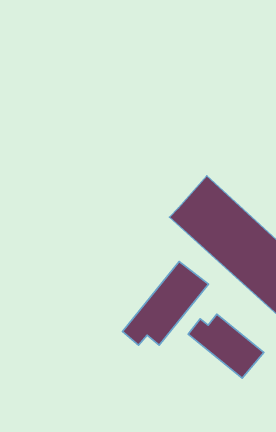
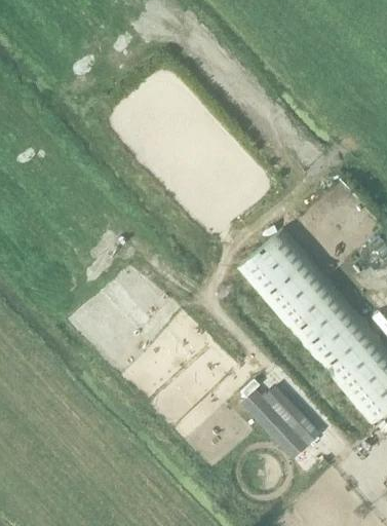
building: [122,262,208,345] -> none

